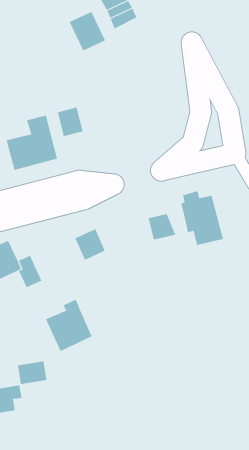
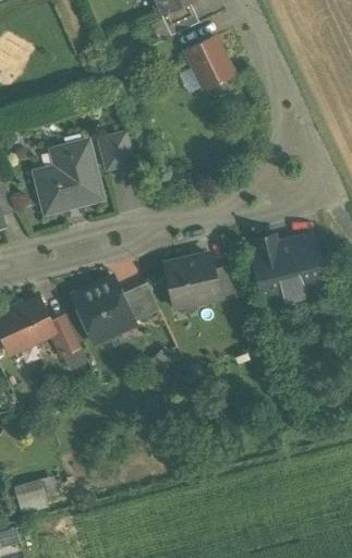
building: [69,11,106,51] -> [185,38,231,87]
building: none -> [290,235,325,295]
building: none -> [165,254,217,303]
building: [45,299,93,352] -> [74,277,133,342]
building: [18,360,47,385] -> none

